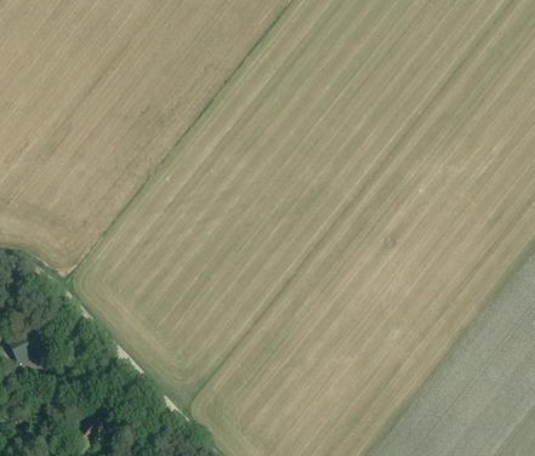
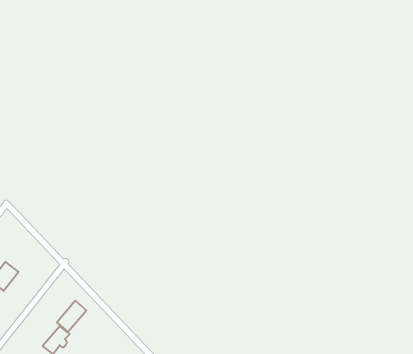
building: none -> [57,301,86,332]

